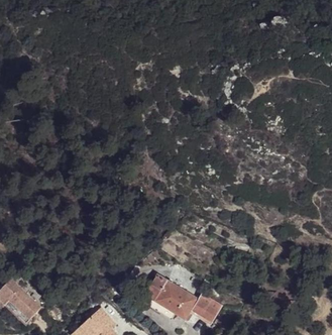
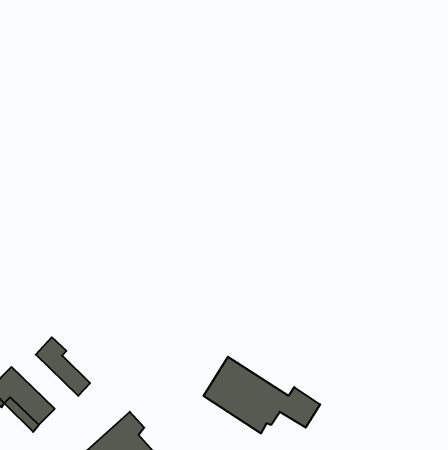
building: none -> [36,337,90,396]

